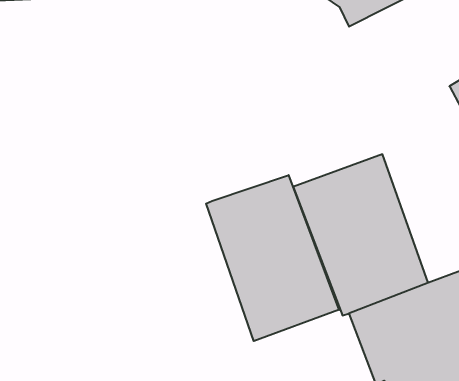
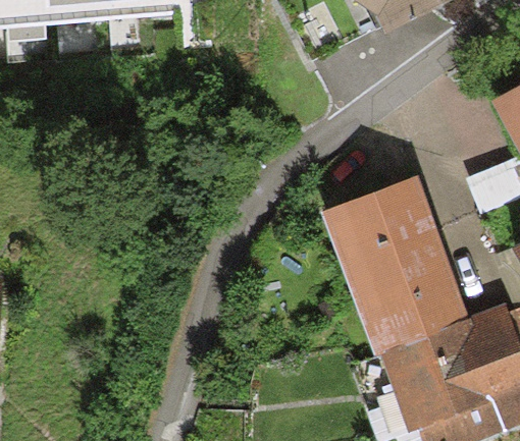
building: [206,175,339,341] -> none

